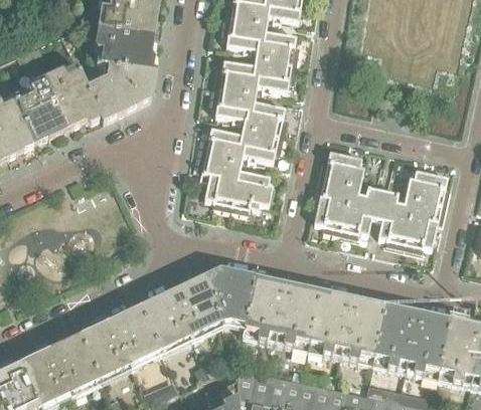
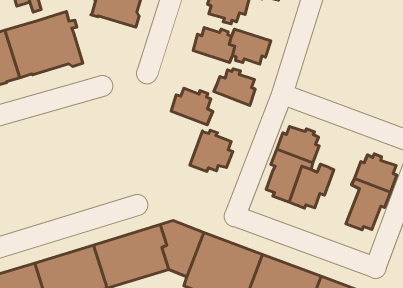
building: [256,29,299,64] -> none
building: [87,64,155,121] -> none
building: [212,86,256,122] -> none
building: [239,127,284,162] -> none
building: [197,154,242,208] -> none
building: [376,191,413,246] -> none

